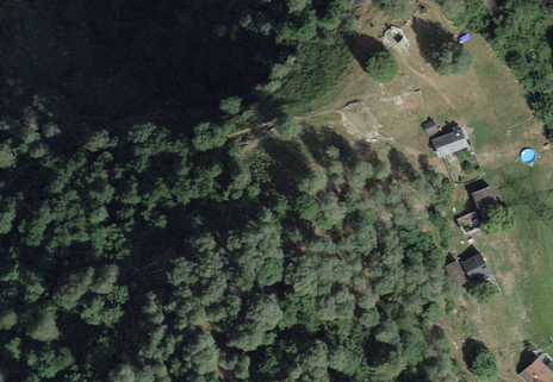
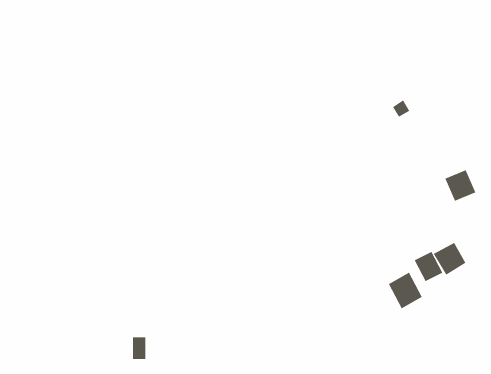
building: [430,127,468,157] -> none
building: none -> [388,272,423,309]

